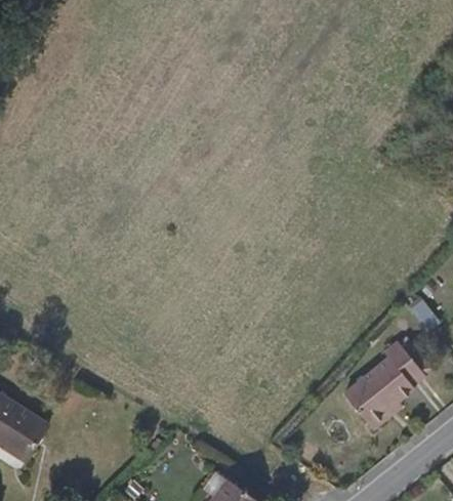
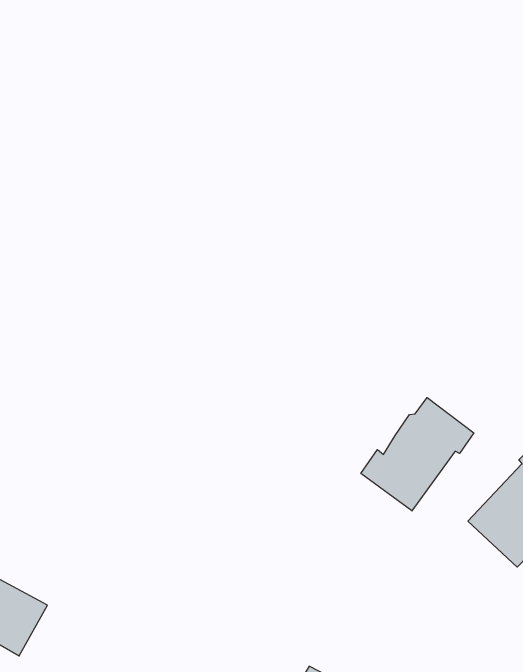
building: none -> [361,398,474,511]

